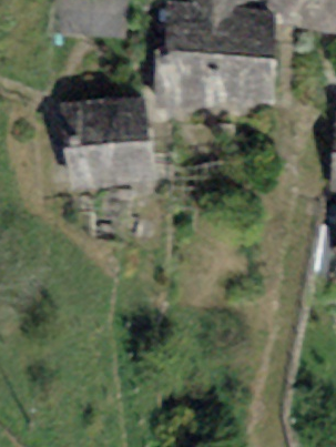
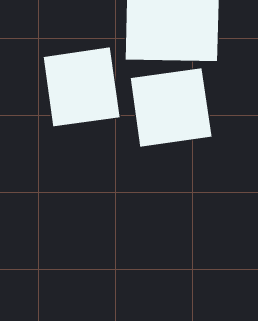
building: none -> [130,68,212,147]

